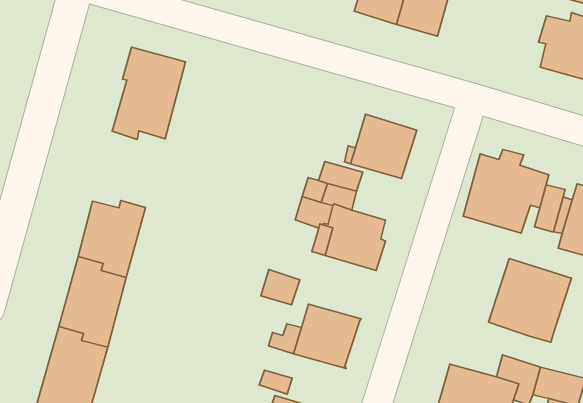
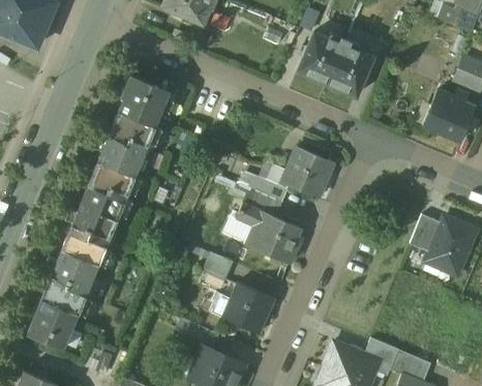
building: none -> [88,137,147,196]
building: [463,149,549,233] -> none
building: [489,258,571,342] -> none

